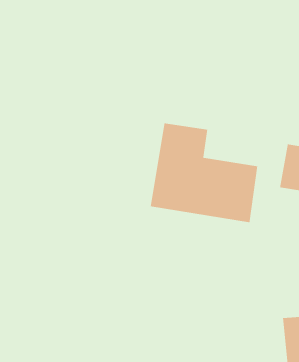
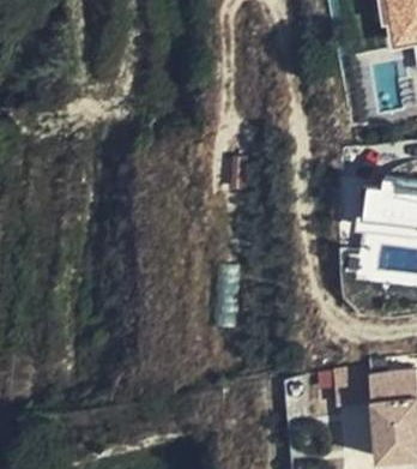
building: [150,123,258,223] -> none

